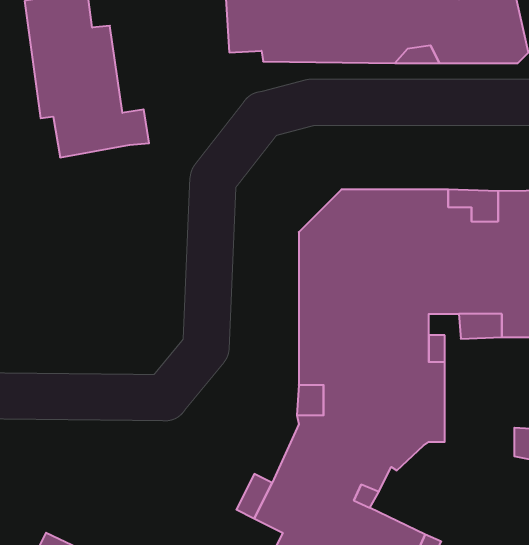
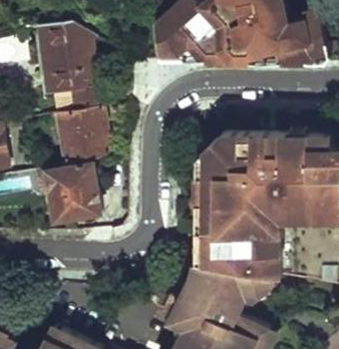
building: none -> [59,110,108,164]
building: none -> [47,165,97,223]

